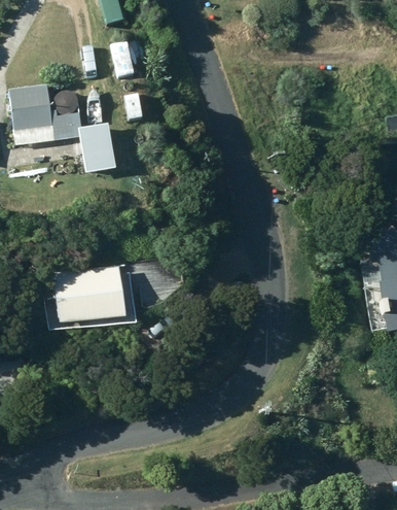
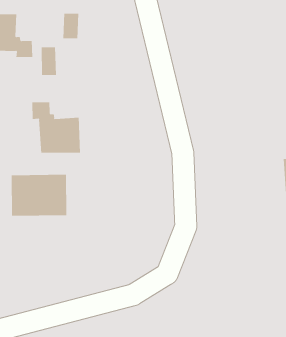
building: none -> [32,102,81,154]

